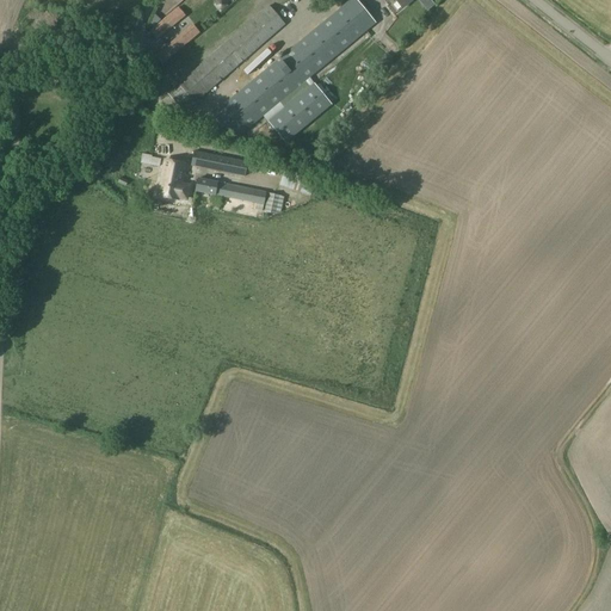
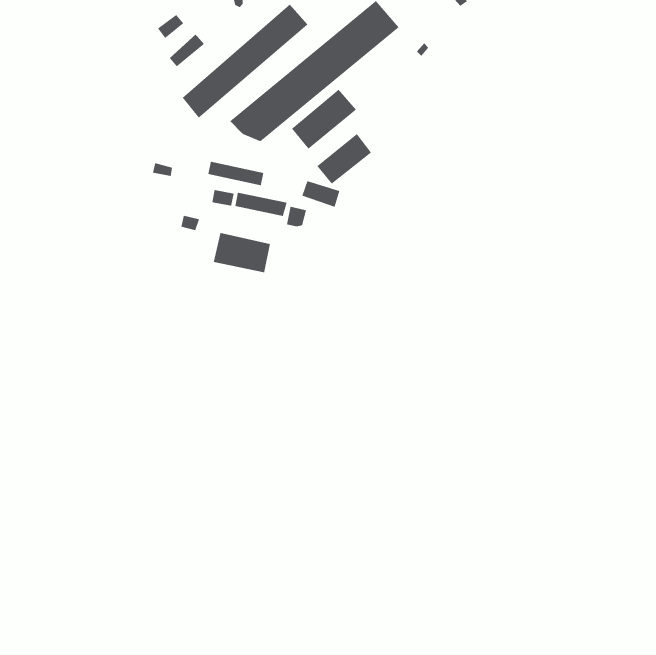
building: none -> [317,133,372,185]
building: [161,158,191,197] -> none
building: none -> [213,232,270,273]

